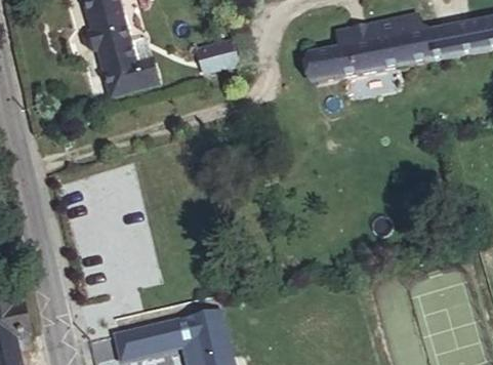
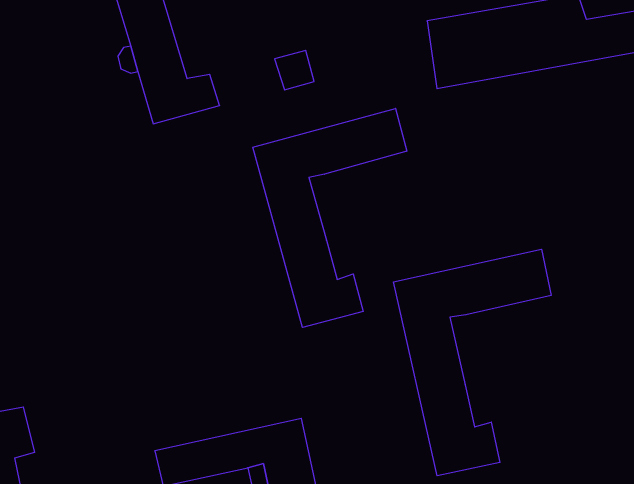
building: none -> [253,108,407,327]
building: none -> [394,249,551,476]

